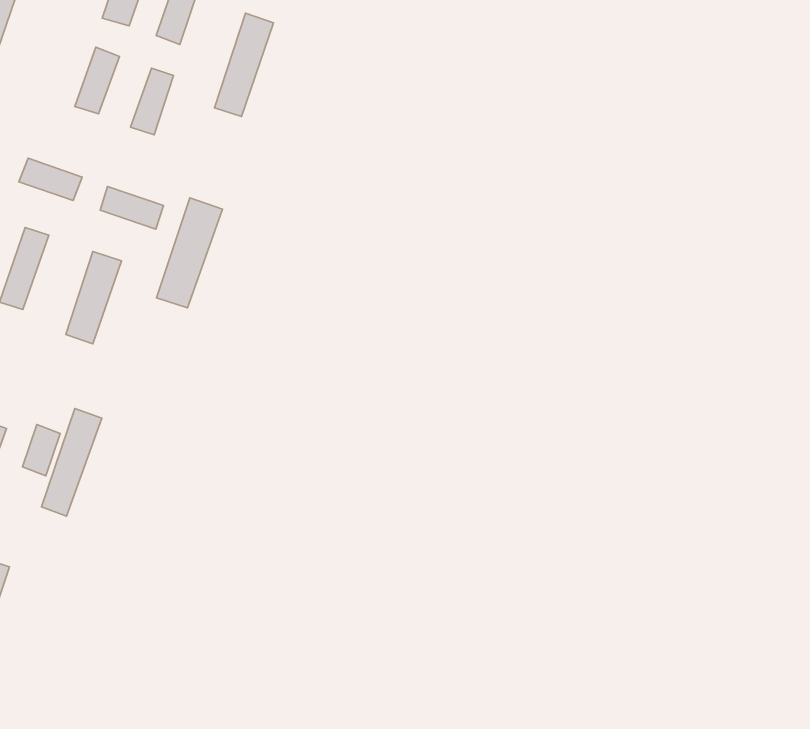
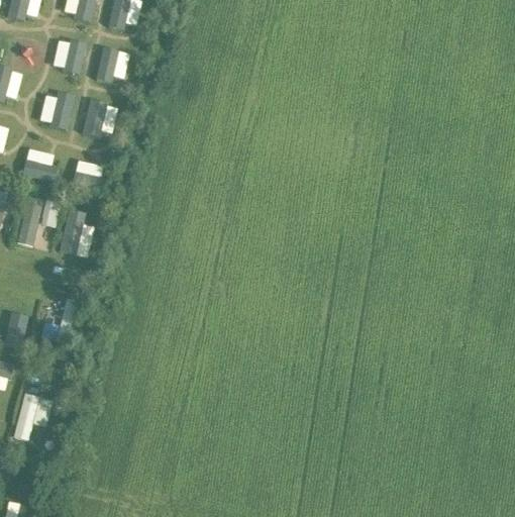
building: [215,13,274,116] -> none
building: [157,198,223,308] -> none

